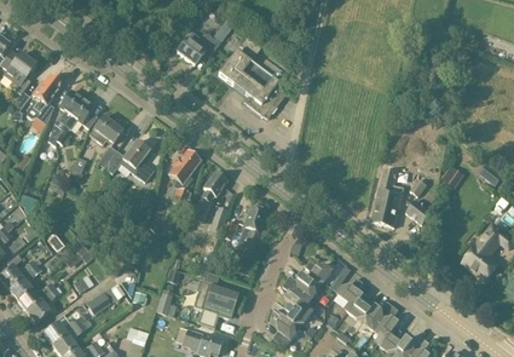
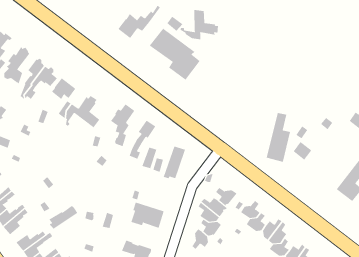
building: none -> [180,9,219,40]

